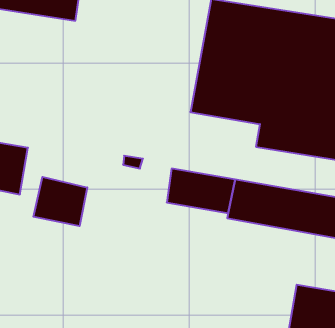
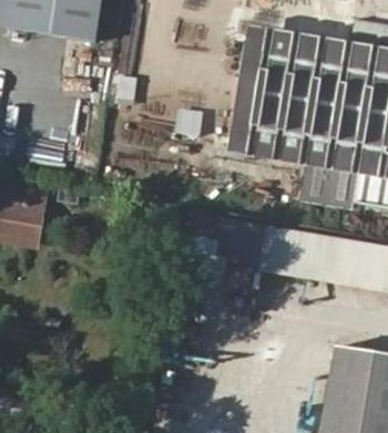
building: [33,177,87,226] -> none

